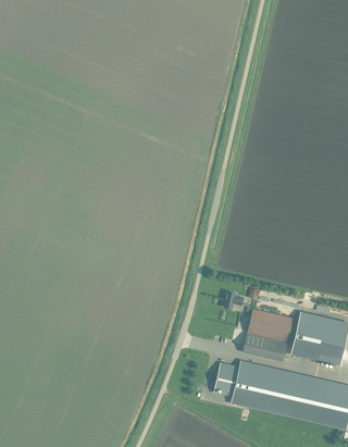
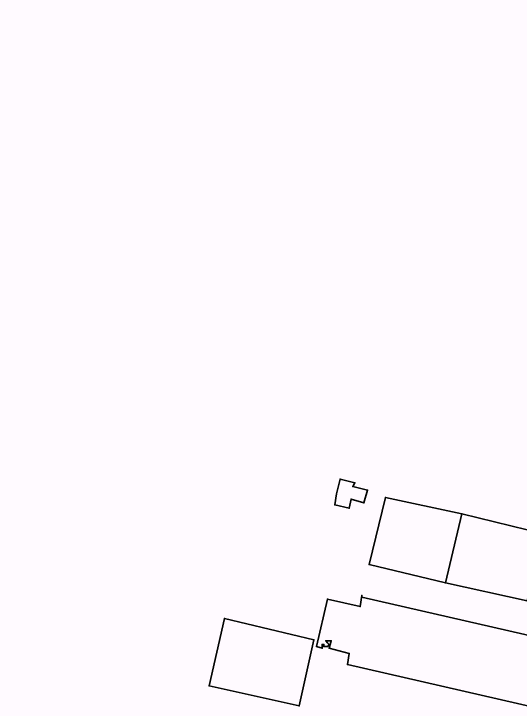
building: none -> [209,618,314,706]

